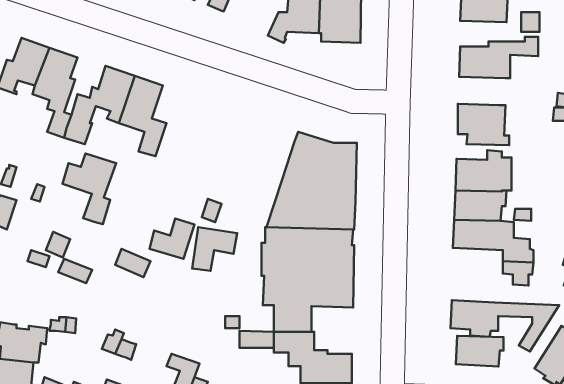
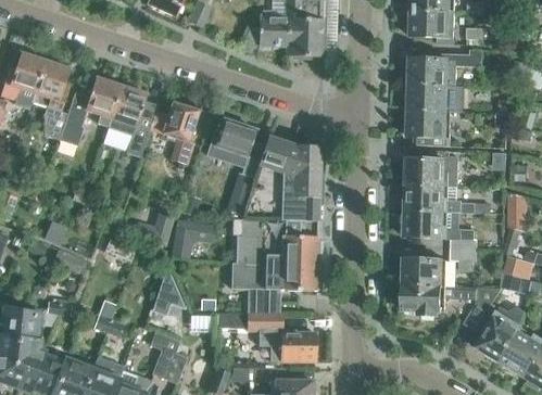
building: none -> [409,86,452,111]
building: none -> [213,117,264,177]
building: [62,153,116,224] -> [150,101,198,164]
building: none -> [152,266,184,313]
building: [456,336,504,366] -> [404,259,446,286]

